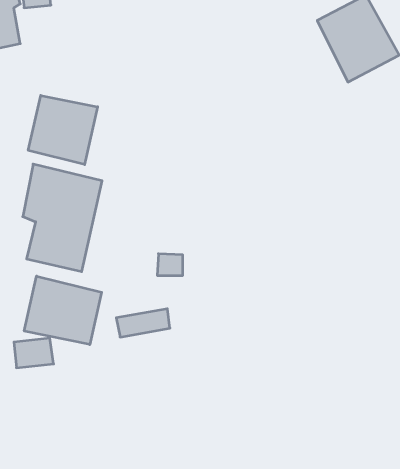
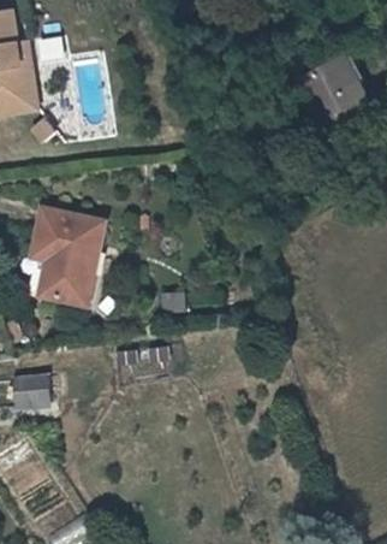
building: [28,95,98,165] -> none
building: [24,276,102,345] -> none

